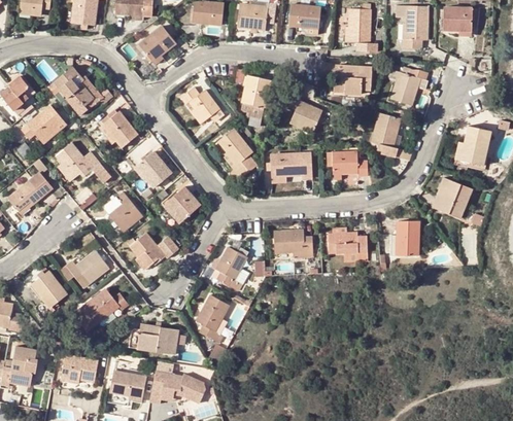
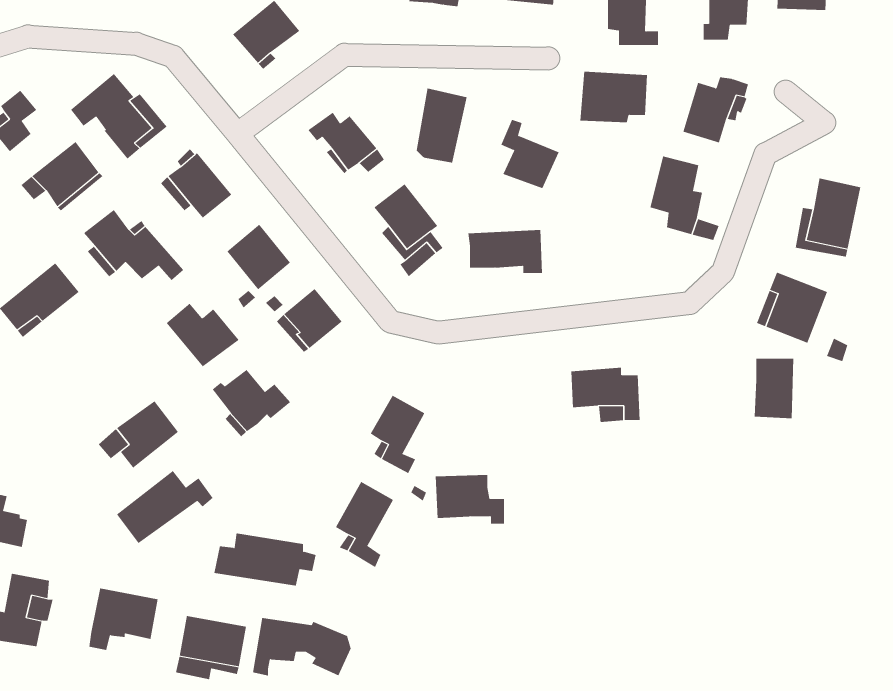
building: [332,150,367,176] -> none
building: [396,220,418,254] -> [754,358,794,419]
building: [273,229,312,256] -> [435,474,505,524]
building: [31,270,66,318] -> none

